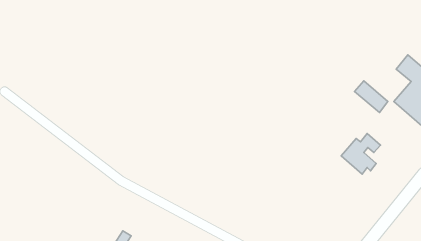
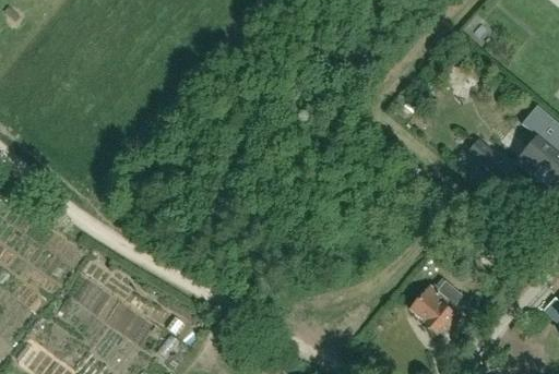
building: [341,133,380,174] -> [412,278,463,331]

